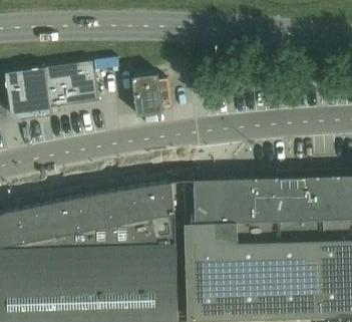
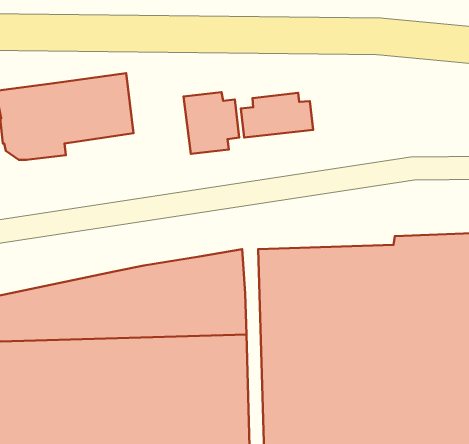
building: none -> [241,93,313,137]

